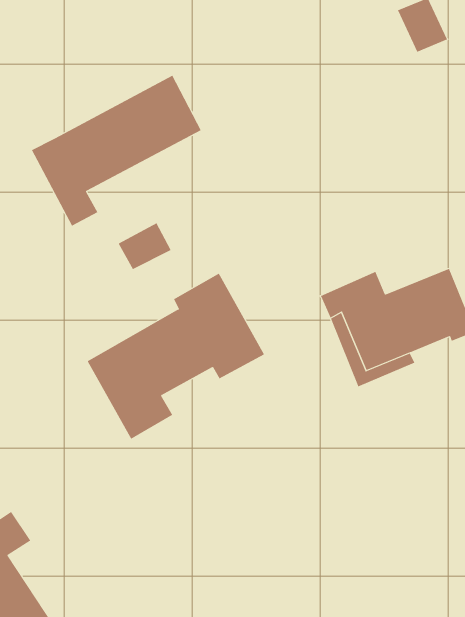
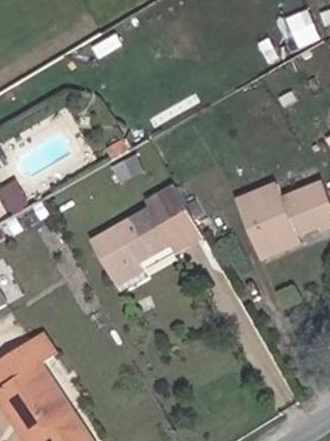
building: [31,75,202,226] -> none

